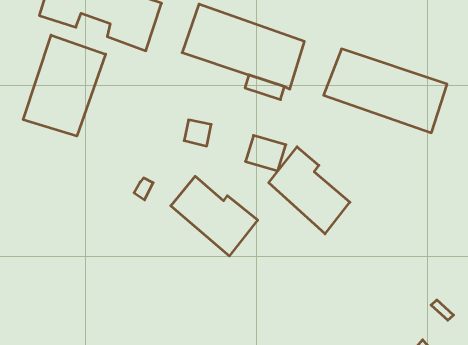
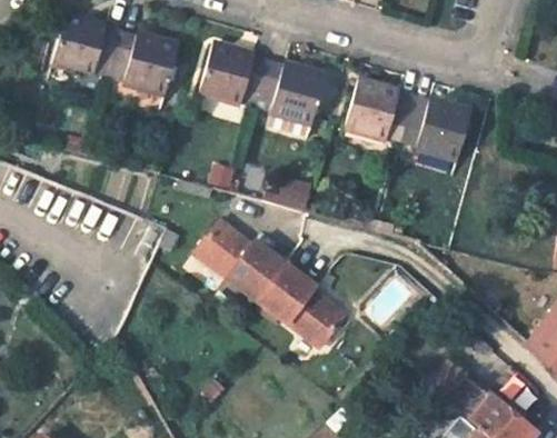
building: [23,35,106,136] -> none
building: [269,147,350,234] -> [259,260,342,347]

